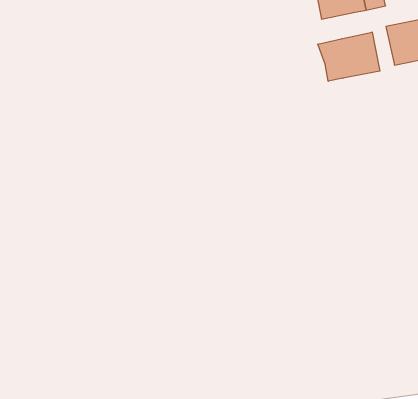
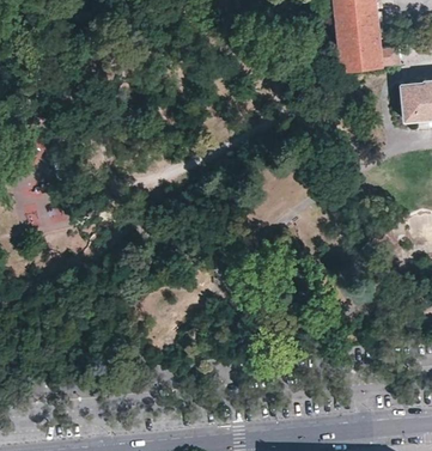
building: [318,32,380,81] -> none

